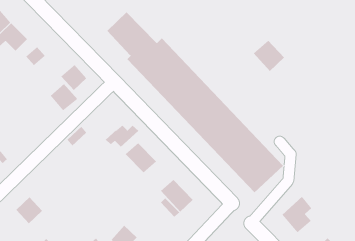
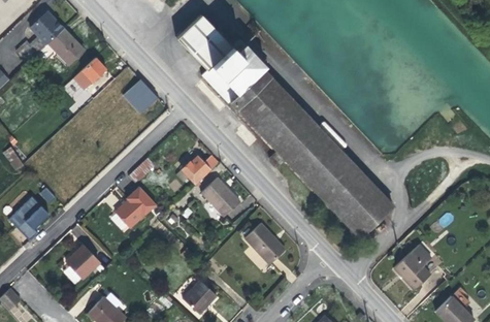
building: [253,40,285,72] -> none
building: [50,83,78,111] -> none
building: none -> [117,186,157,227]

